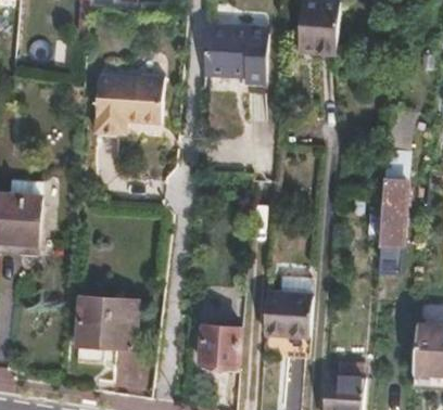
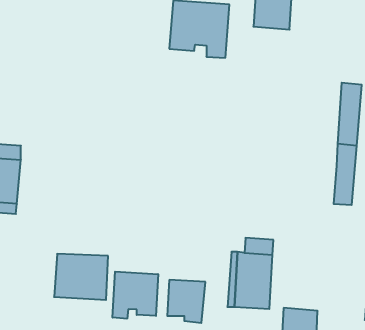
building: [96,71,164,132] -> none
building: none -> [113,272,158,319]

